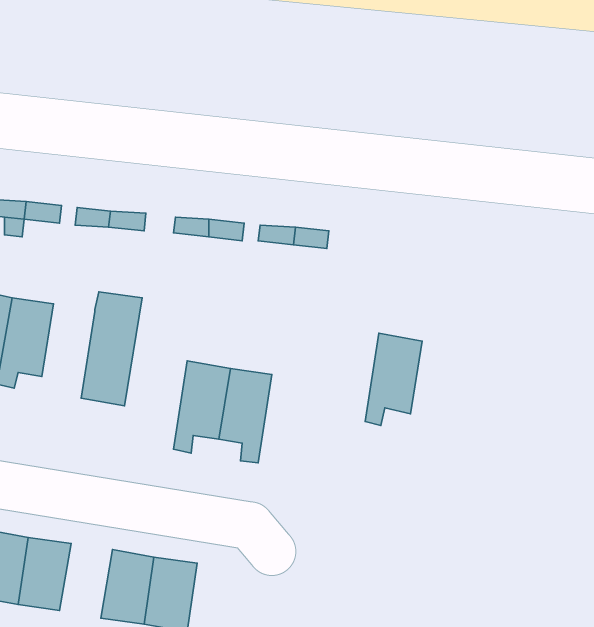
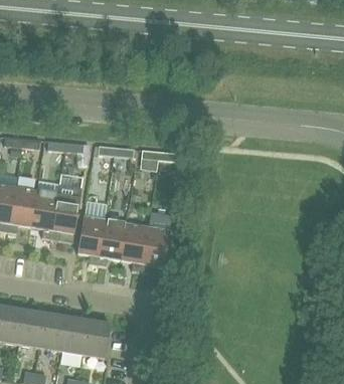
building: none -> [29,189,56,237]
building: [365,333,422,426] -> [140,225,169,272]
building: none -> [76,215,104,263]
building: none -> [38,312,65,350]

